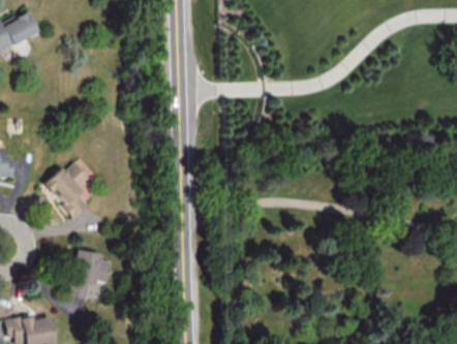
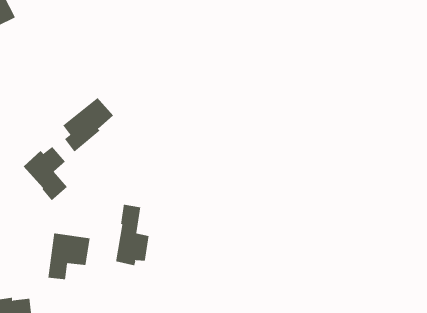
building: none -> [63,97,114,152]
building: none -> [116,204,149,266]

